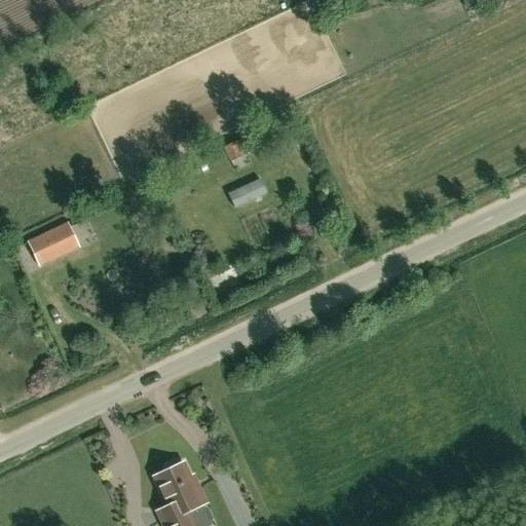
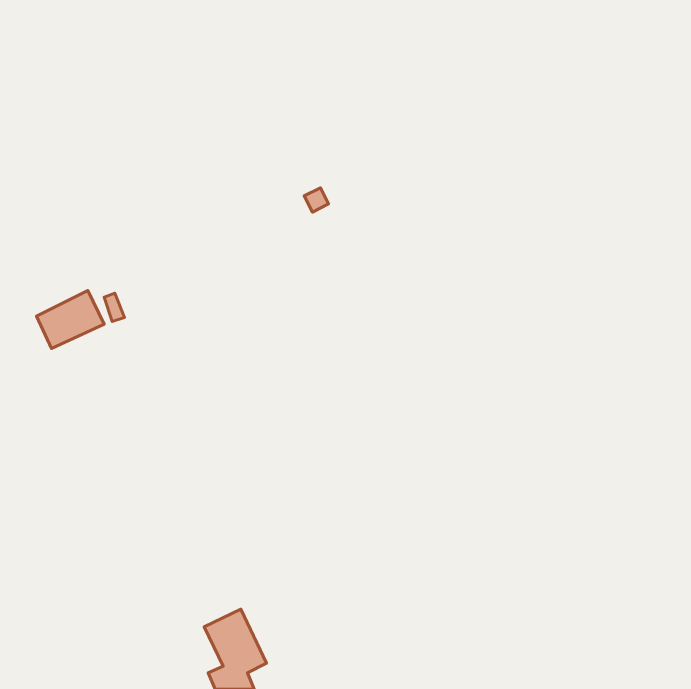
building: [227,177,266,206] -> none

